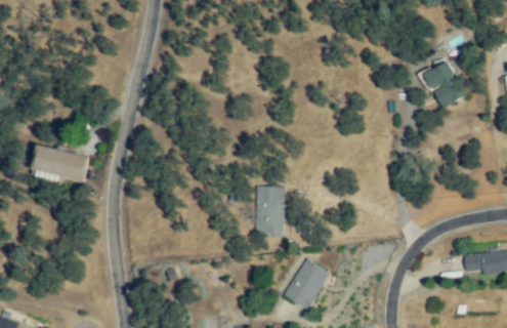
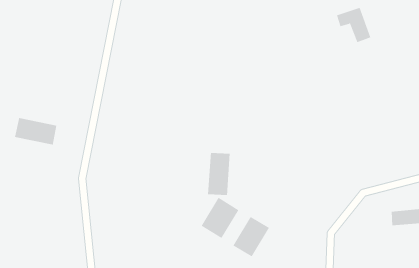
building: [422,63,462,104] -> [336,7,371,43]
building: none -> [201,197,239,239]

